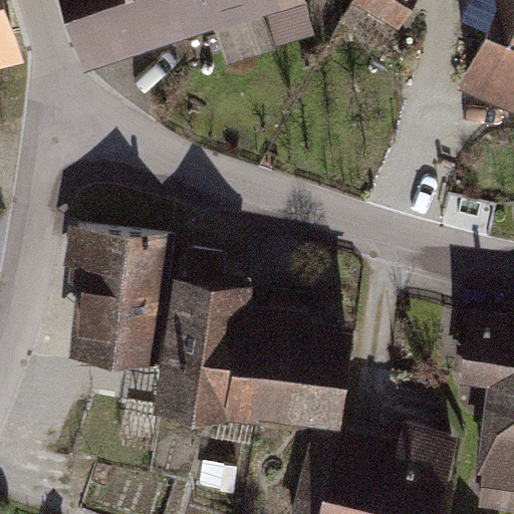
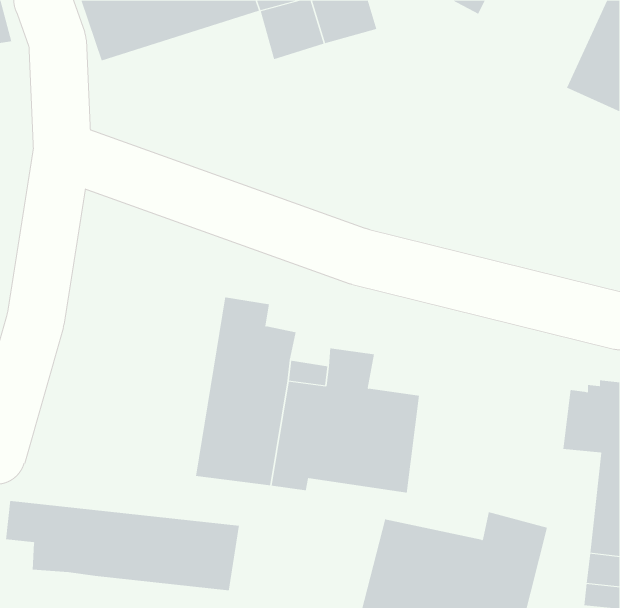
building: [71,234,170,375] -> none
building: none -> [5,500,240,591]

